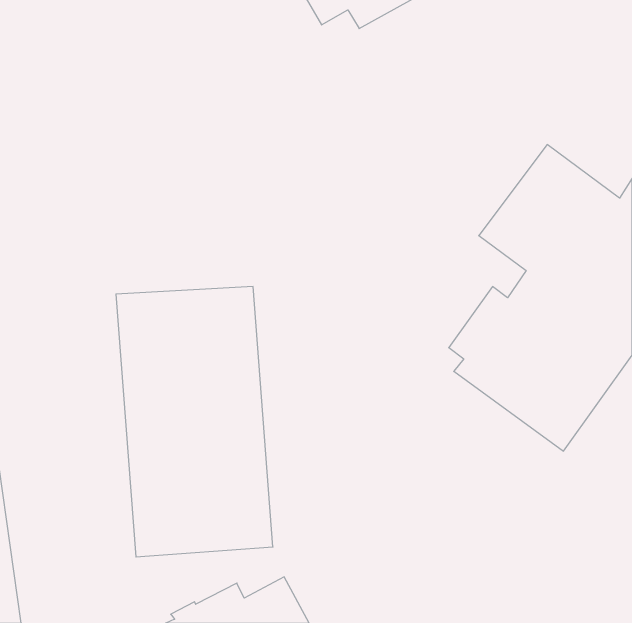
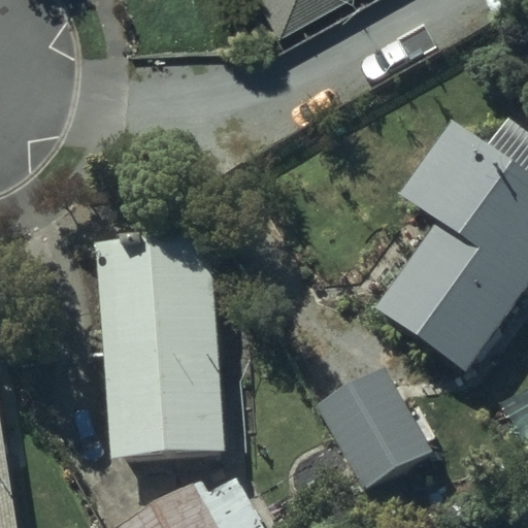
building: none -> [312,363,434,492]

